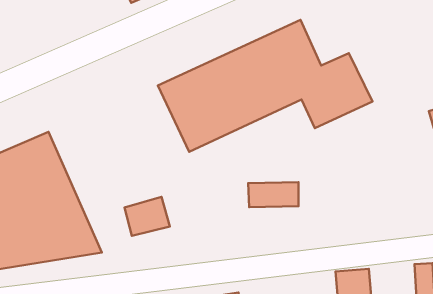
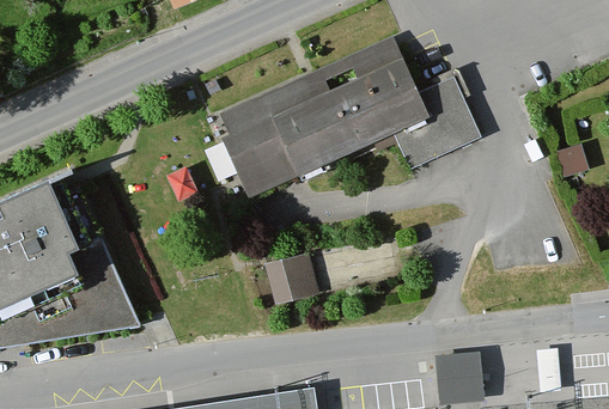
building: [124,197,170,236] -> [261,254,318,303]

